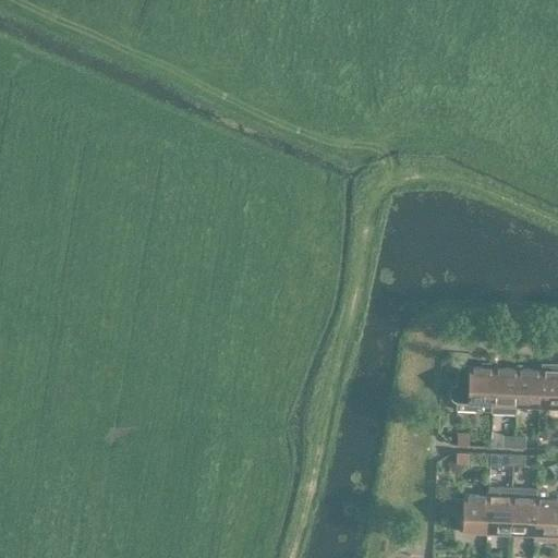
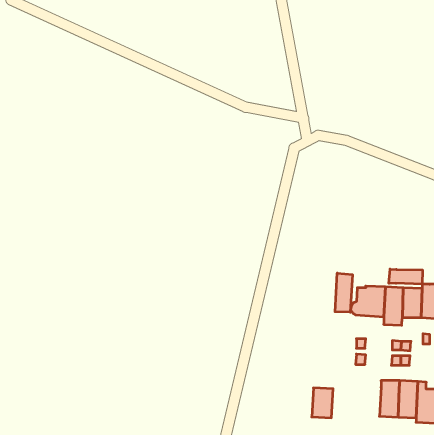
building: none -> [389,269,422,284]
building: none -> [335,273,352,312]
building: [462,495,489,533] -> [312,388,333,418]

